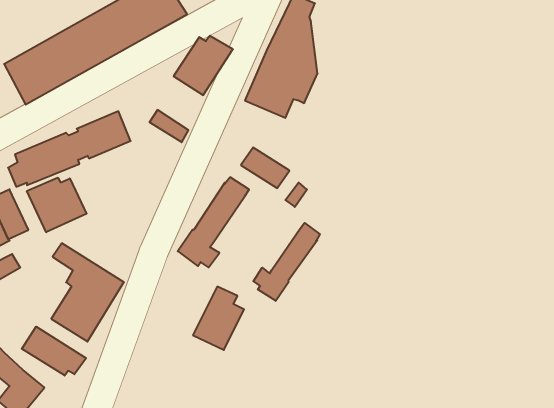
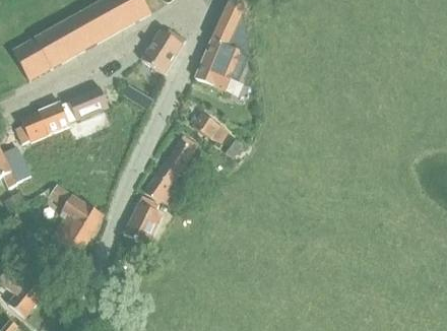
building: [27,178,87,232] -> none
building: [253,223,320,301] -> none
building: [193,287,244,350] -> [123,197,162,245]
building: [22,327,86,376] -> none

